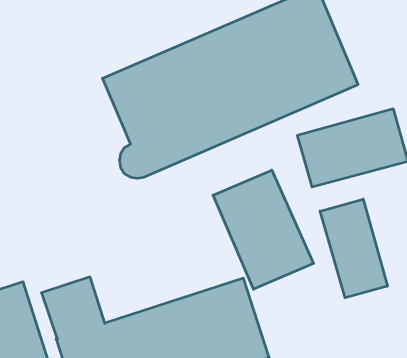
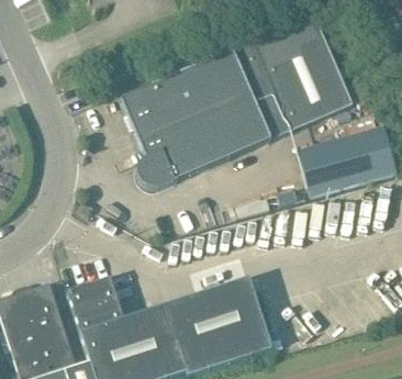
building: [213,170,314,289] -> none
building: [320,199,387,298] -> none

